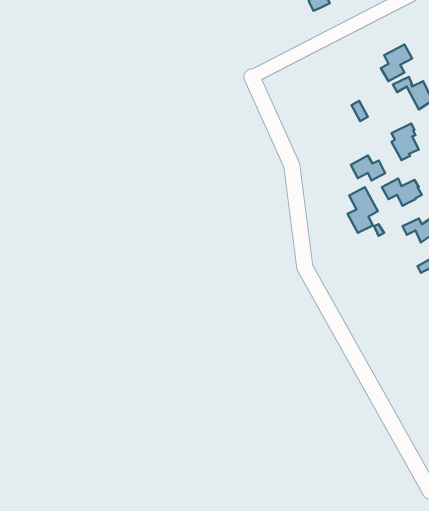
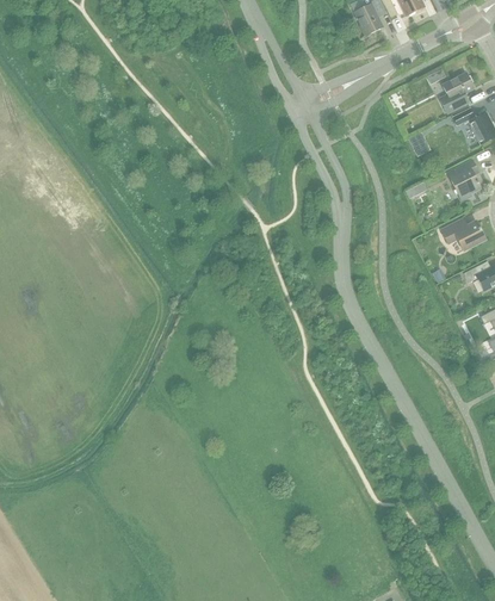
building: [351,156,385,180] -> none
building: [348,187,378,233] -> none

